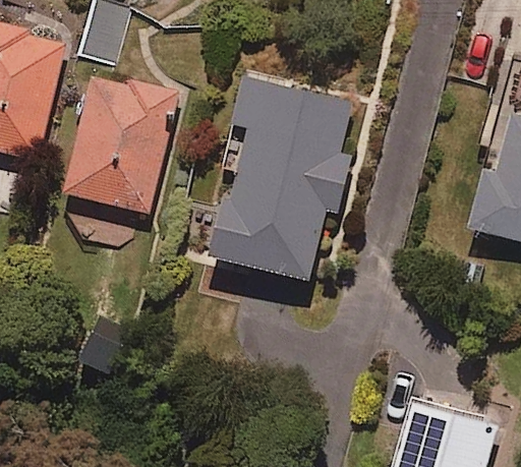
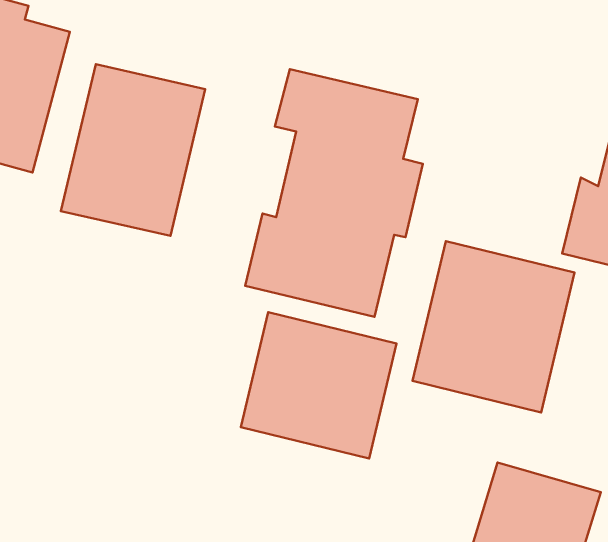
building: none -> [413,241,574,412]
building: none -> [241,312,397,459]

